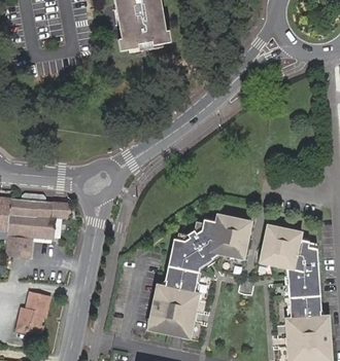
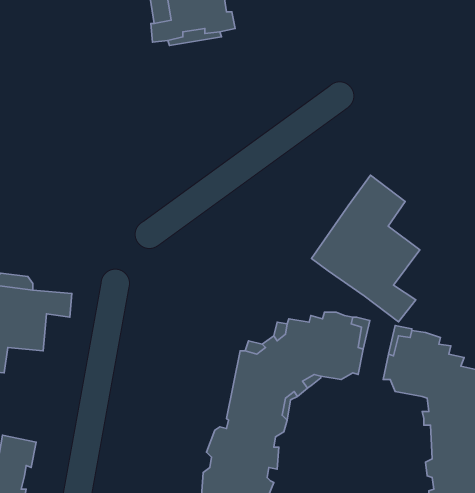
building: none -> [312,175,420,322]

